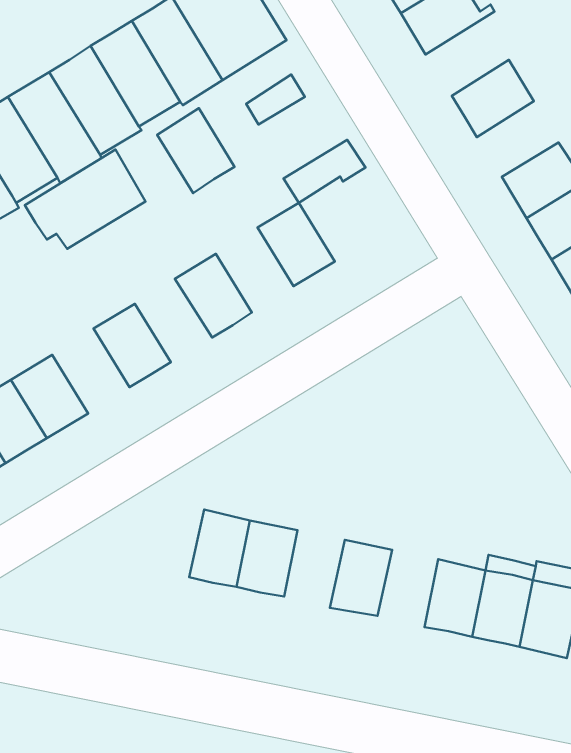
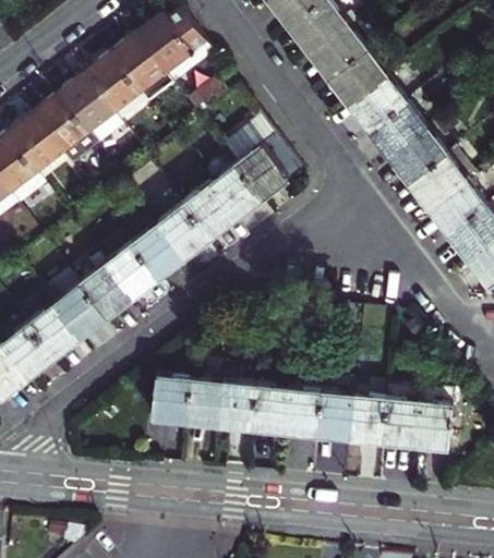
building: none -> [308,22,364,82]
building: none -> [348,80,403,133]
building: [157,108,235,193] -> [180,184,234,242]
building: [25,150,146,249] -> none
building: none -> [232,136,300,202]
building: none -> [129,225,183,281]
building: none -> [76,264,131,322]
building: none -> [150,375,190,425]
building: none -> [250,386,287,436]
building: none -> [314,392,351,442]

